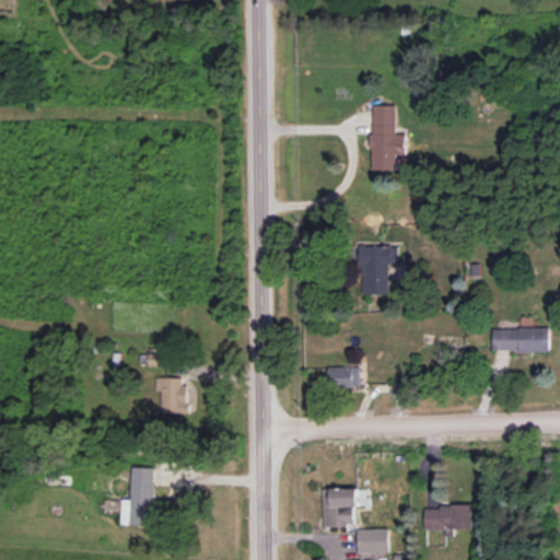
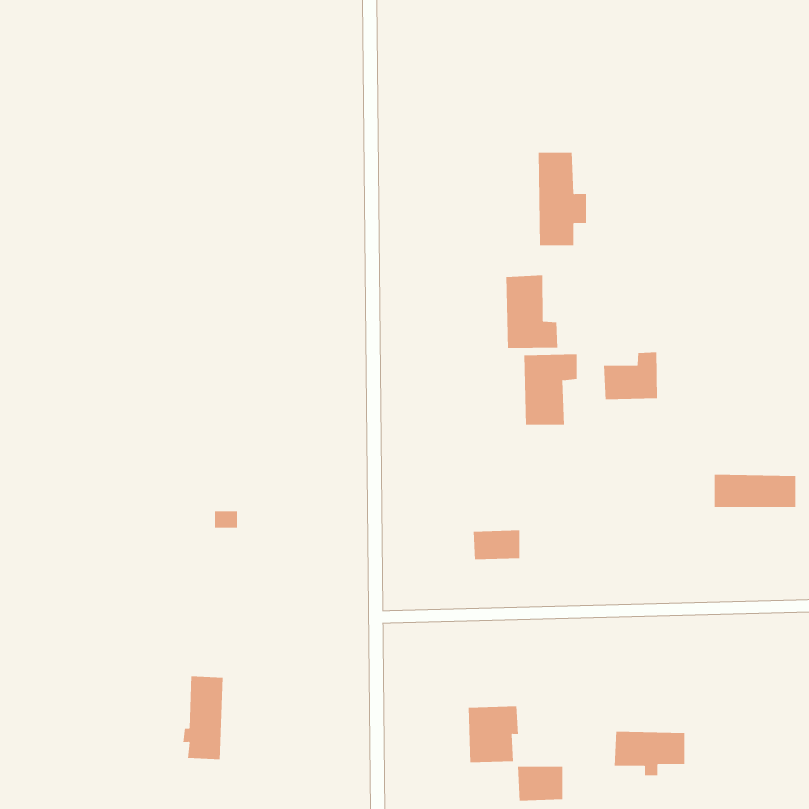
building: none -> [506,275,558,349]
building: none -> [604,351,658,400]
building: [155,376,187,413] -> none

